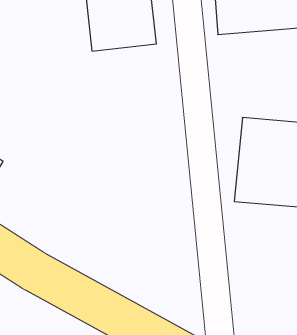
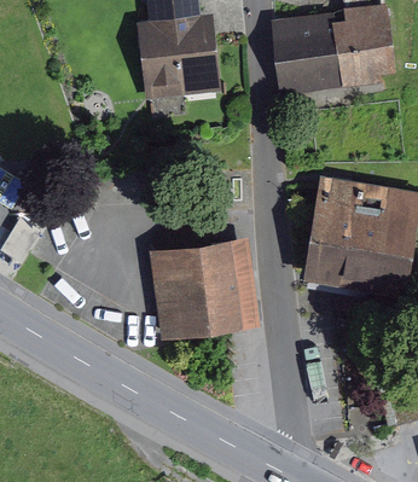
building: none -> [146,240,257,342]

